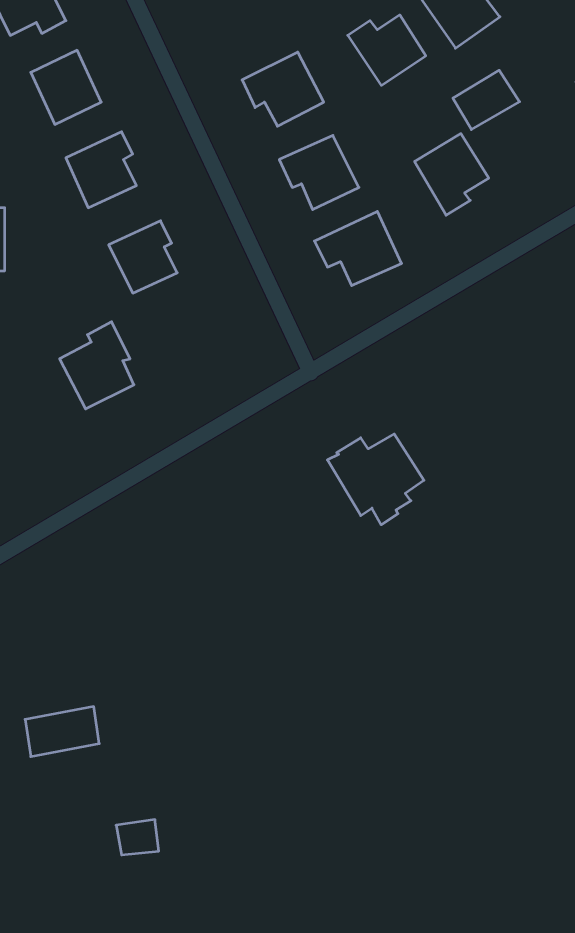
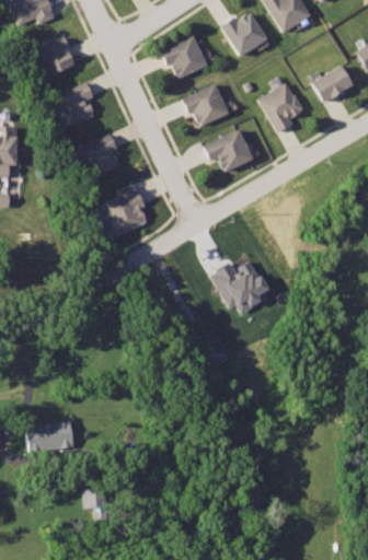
building: [453,70,520,130] -> [312,67,352,102]
building: [60,322,134,409] -> [104,184,148,235]

